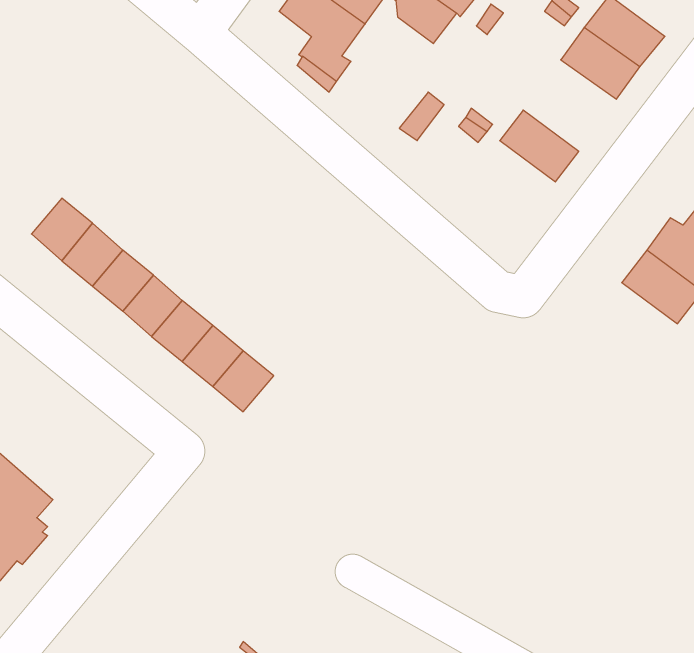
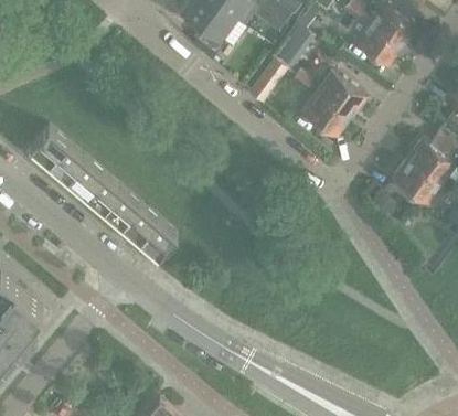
building: none -> [298,93,348,139]

